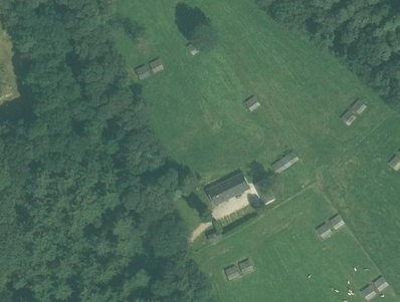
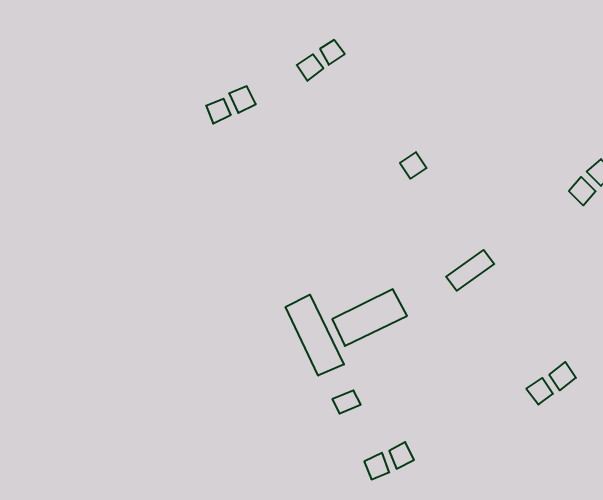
building: none -> [286,295,344,376]

